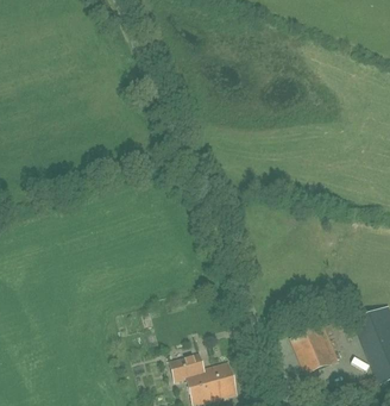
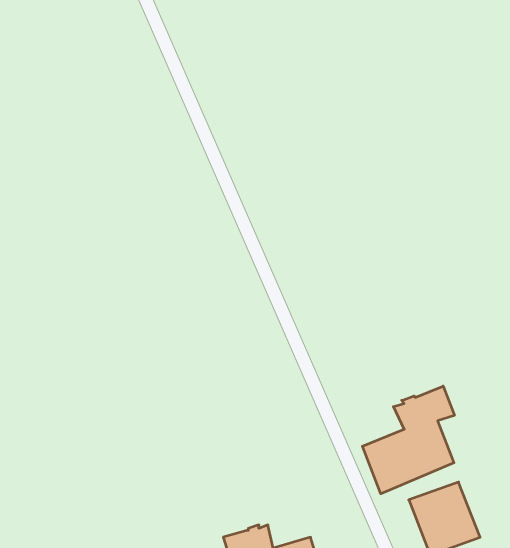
building: none -> [362,386,454,494]

